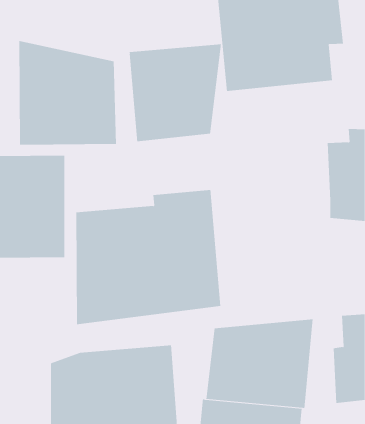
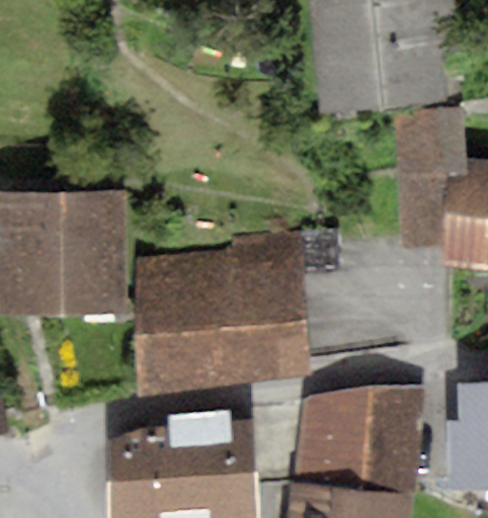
building: [19,40,116,145] -> none
building: [129,43,222,142] -> none
building: none -> [394,111,467,248]

